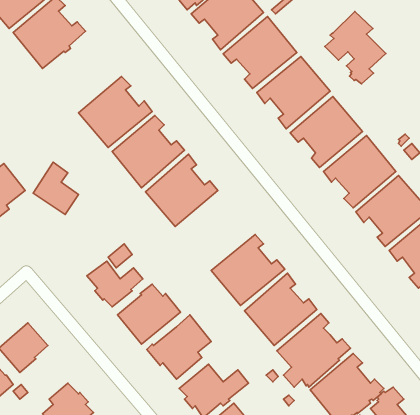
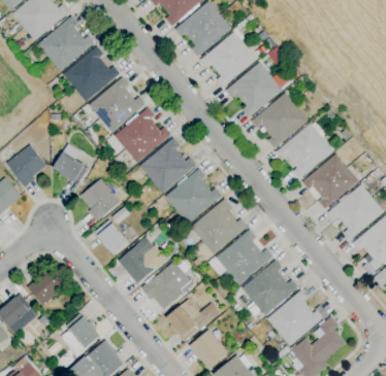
building: [325,12,386,84] -> none
building: none -> [64,46,120,101]
building: none -> [165,168,222,224]
building: none -> [81,179,120,220]

